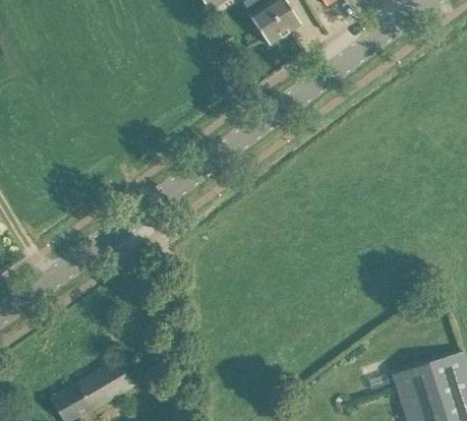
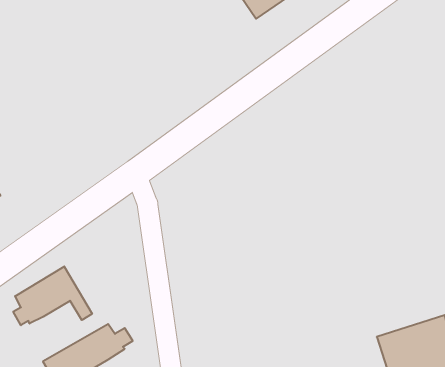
building: none -> [13,266,92,325]

